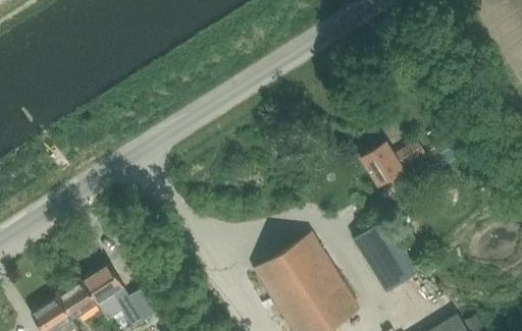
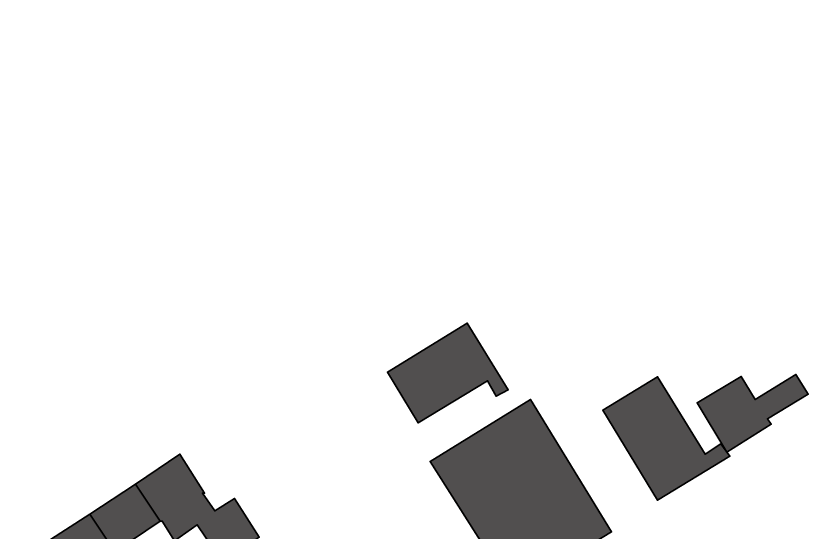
building: [359,141,423,185] -> [697,375,808,452]
building: none -> [387,323,508,423]

